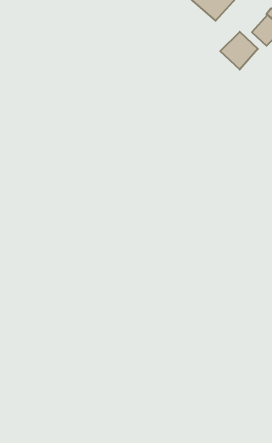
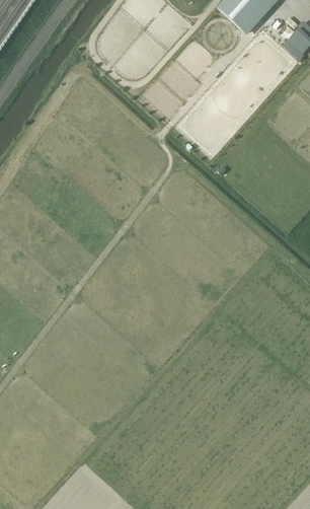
building: [220,32,258,70] -> none

